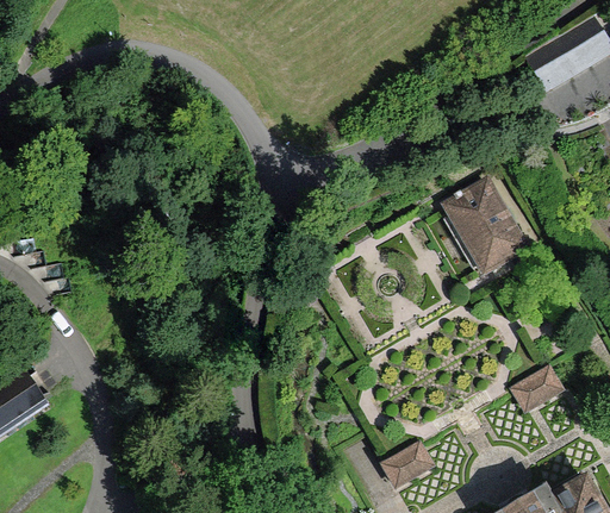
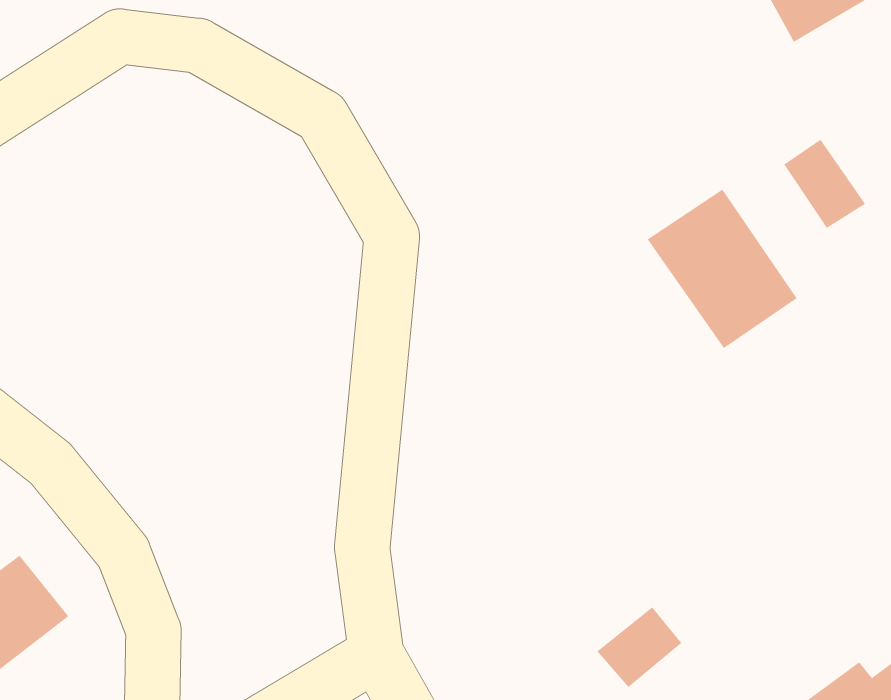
building: none -> [783,139,866,229]
building: [510,364,564,409] -> none

